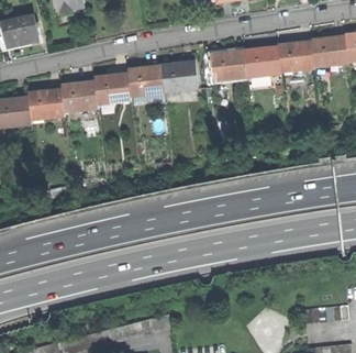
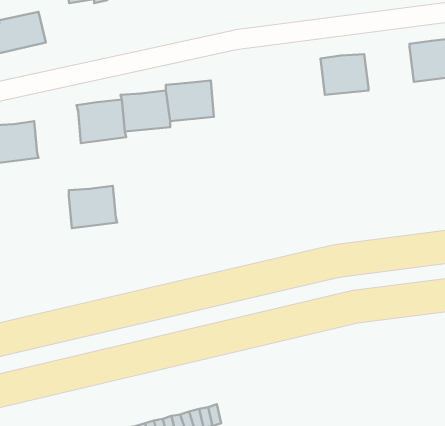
building: [278,42,315,73] -> none
building: [212,51,248,82] -> none
building: [163,63,199,95] -> none
building: [30,90,66,122] -> [69,186,117,228]

